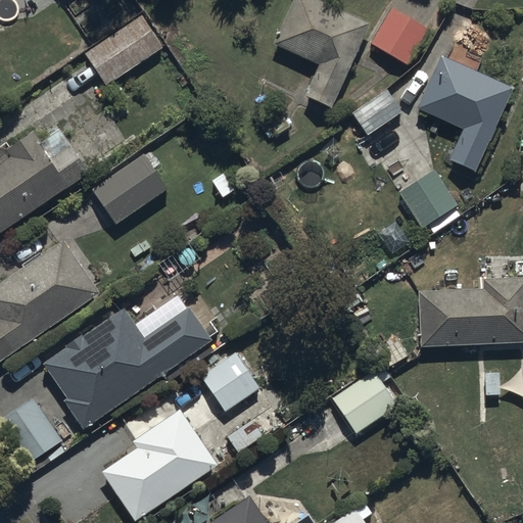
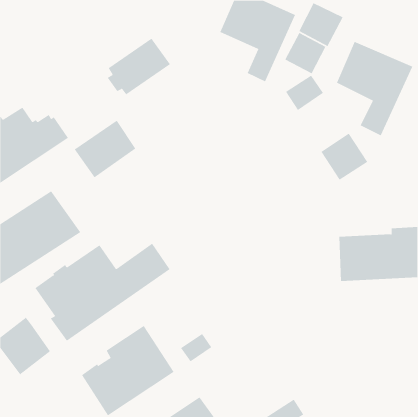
building: [84,13,163,85] -> [107,38,171,95]
building: none -> [285,32,326,74]
building: [200,350,260,412] -> none
building: [331,362,398,432] -> none

